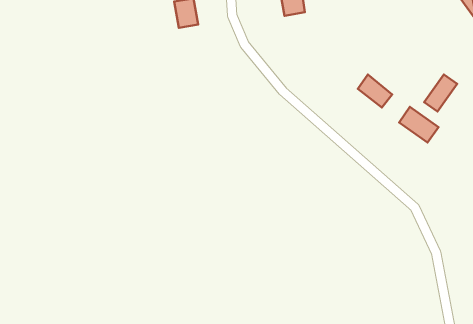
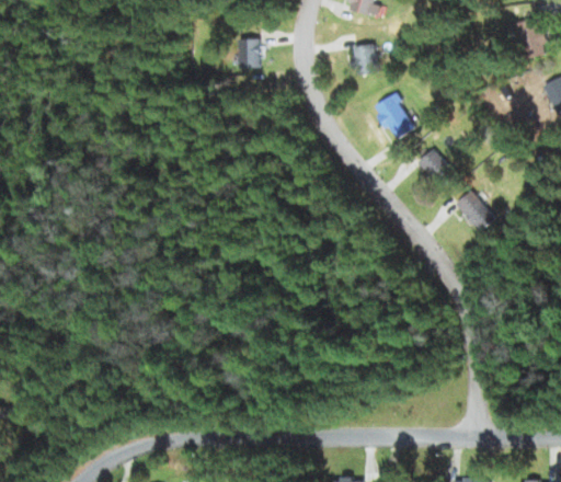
building: none -> [374,94,416,141]
building: [424,74,457,111] -> none

